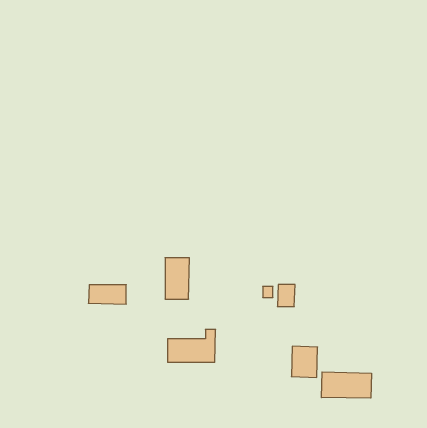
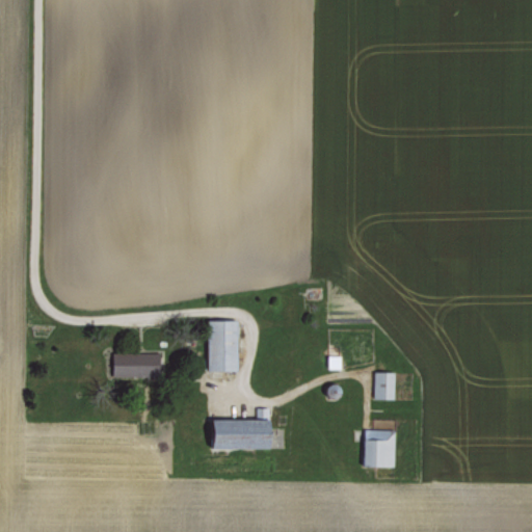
building: [277,285,295,307] -> [374,373,396,400]
building: [321,372,371,398] -> none

